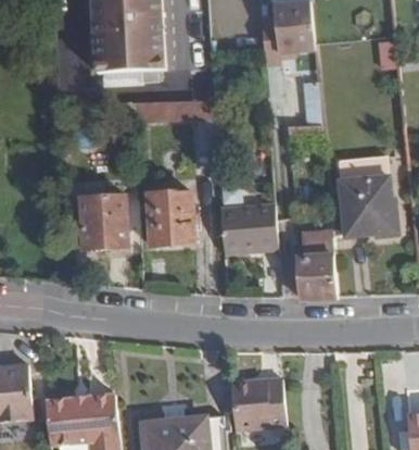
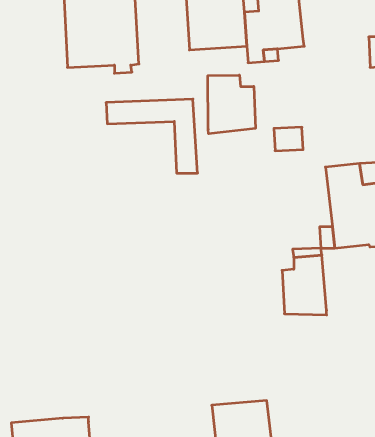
building: none -> [208,75,255,134]
building: [147,191,192,245] -> none
building: [79,196,127,248] -> none
building: [219,203,278,253] -> none

